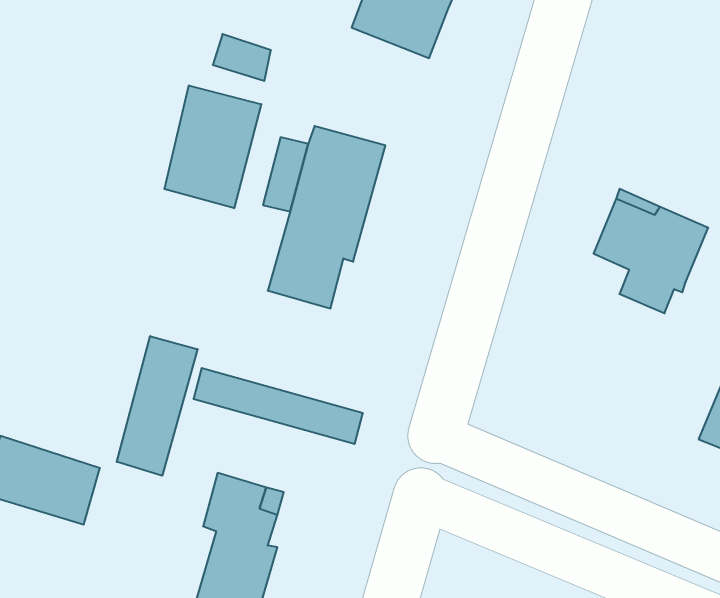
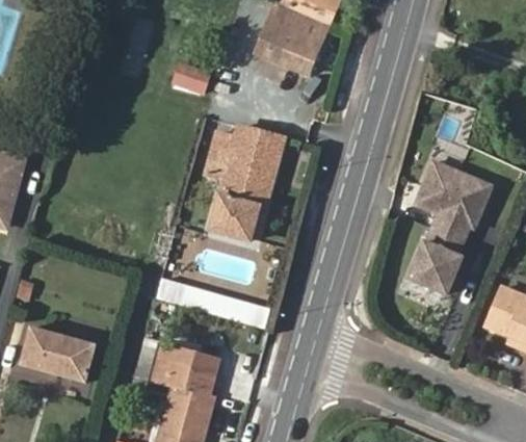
building: [164,85,261,208] -> none
building: none -> [410,230,464,293]
building: [117,336,198,476] -> none

